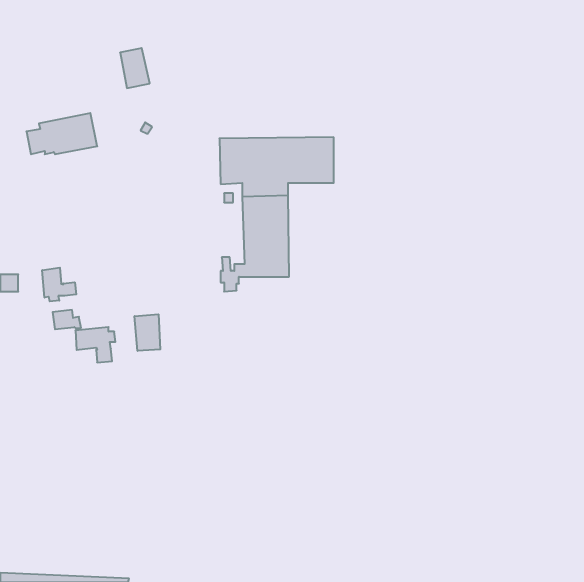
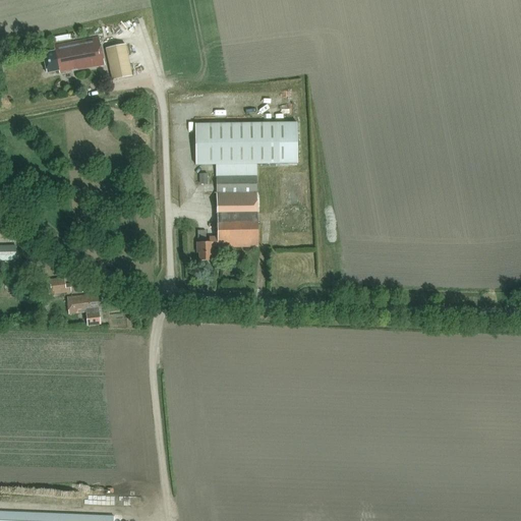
building: [26,113,97,154] -> [42,35,105,71]
building: [42,268,76,301] -> none
building: [135,314,160,351] -> none

